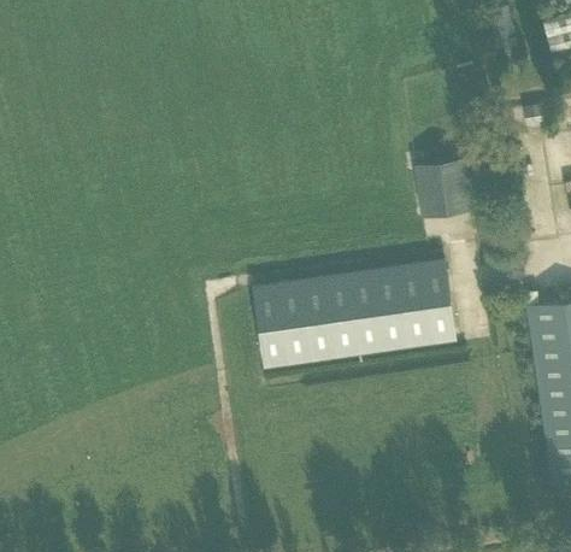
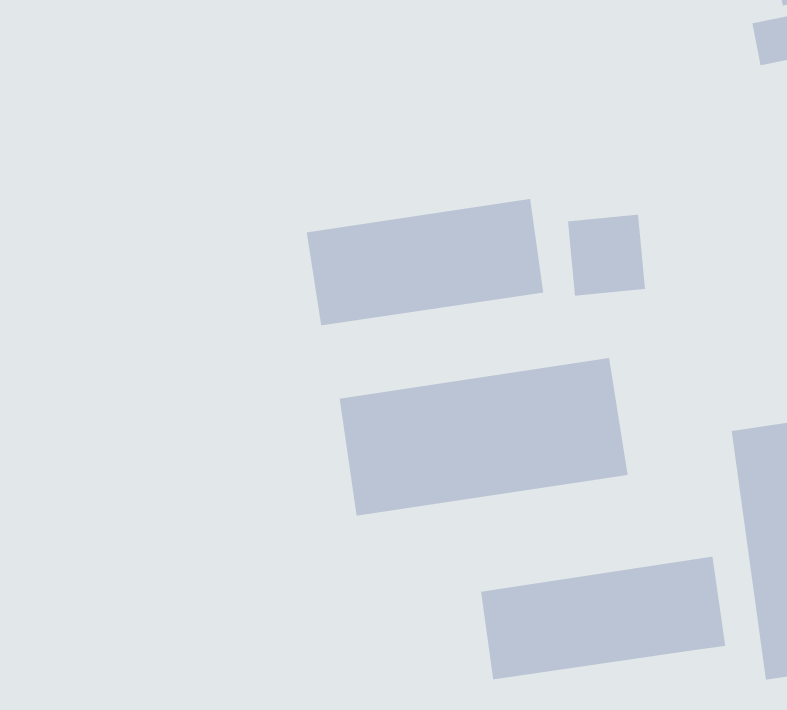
building: none -> [306,198,544,326]
building: none -> [481,556,726,680]

